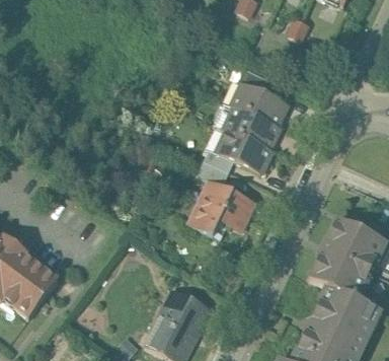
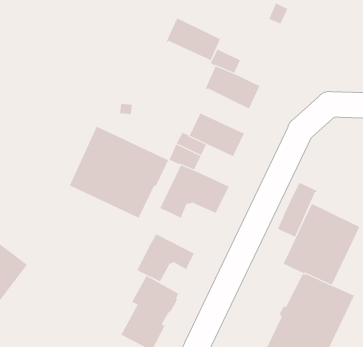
building: [224,104,279,147] -> [166,18,221,61]
building: none -> [69,126,169,219]
building: none -> [277,182,317,238]
building: none -> [136,233,194,282]

